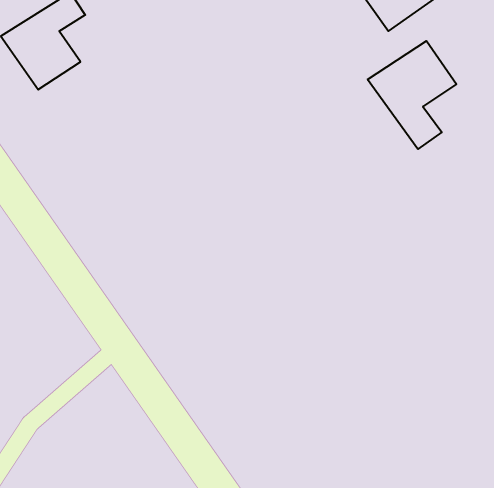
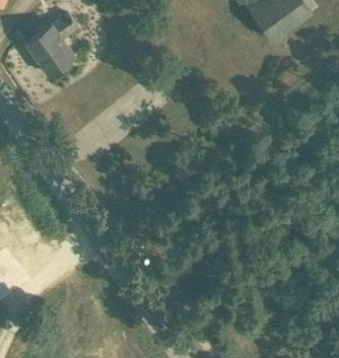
building: [368,41,456,149] -> none

